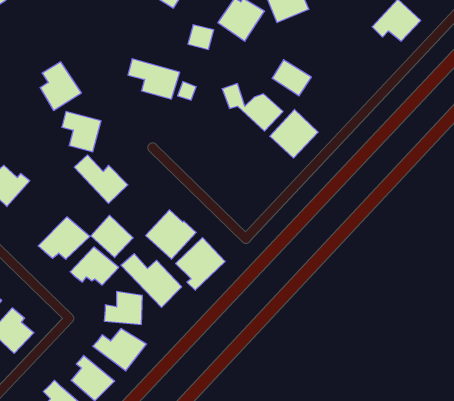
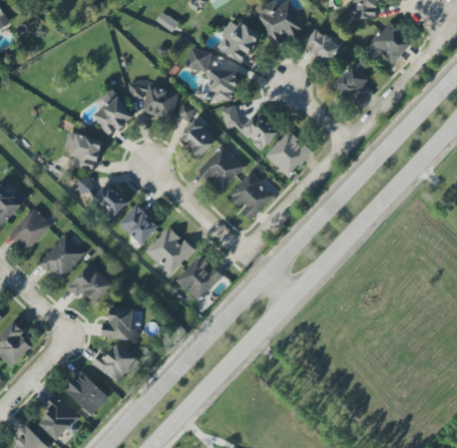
building: none -> [332,64,371,106]
building: none -> [200,69,235,98]
building: [272,60,311,96] -> [303,28,341,63]
building: [40,62,81,110] -> [92,88,132,135]
building: none -> [177,118,215,156]
building: none -> [197,144,245,191]
building: none -> [225,171,274,219]
building: none -> [12,206,56,250]
building: [91,215,133,258] -> [117,203,158,245]
building: [121,254,182,307] -> none

